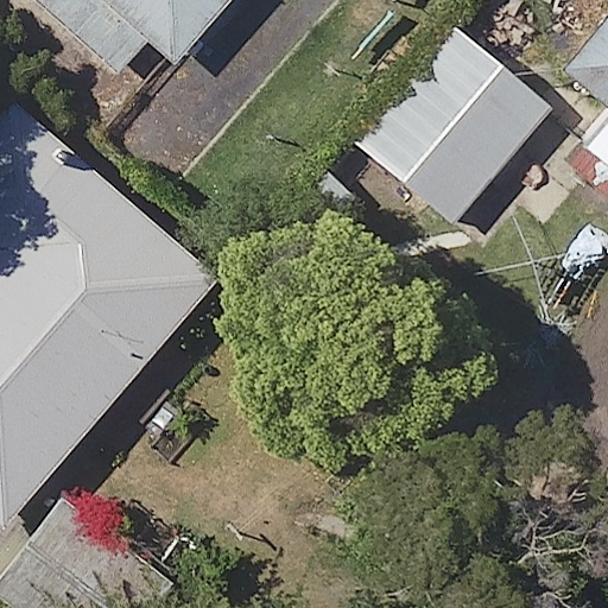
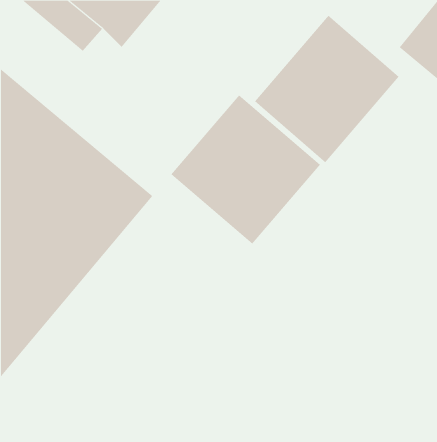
building: none -> [171,95,321,244]

